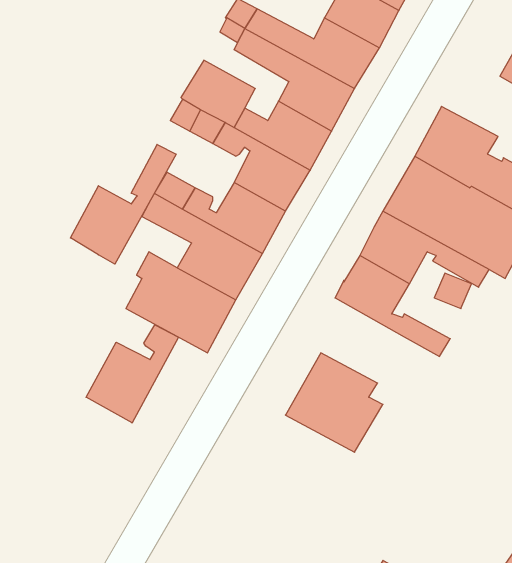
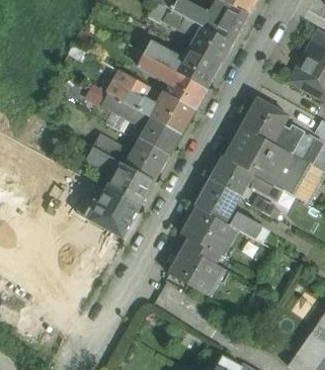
building: [70,144,176,264] -> none
building: none -> [180,206,235,255]
building: [86,325,179,423] -> none

